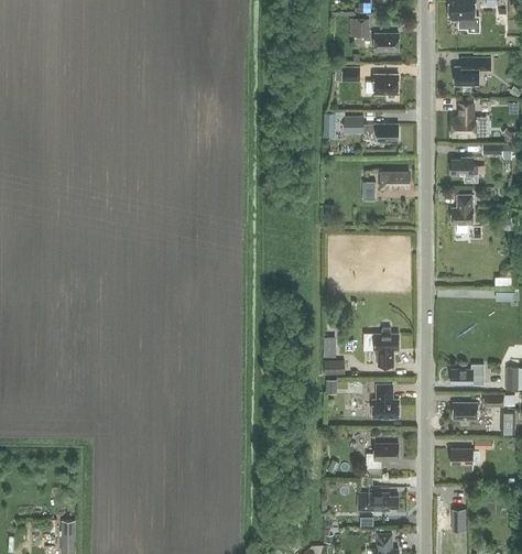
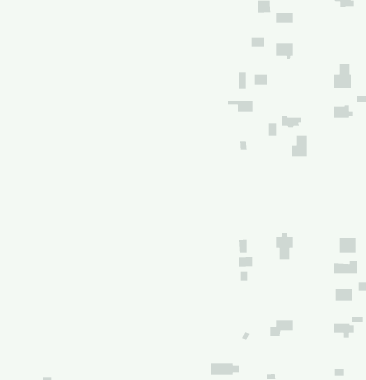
building: [455,56,490,84] -> none
building: [363,123,399,140] -> [227,100,254,112]
building: [450,194,472,224] -> [291,135,308,157]
building: none -> [339,237,356,254]
building: [372,384,398,419] -> none
building: [358,492,398,510] -> [210,362,240,376]

